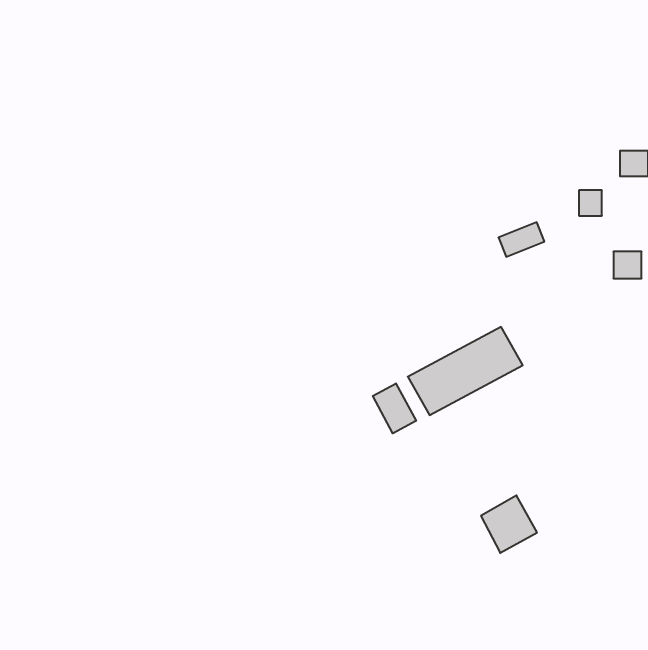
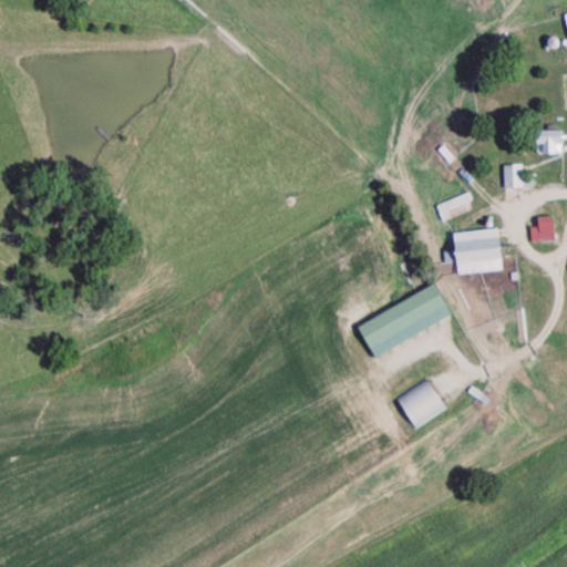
building: none -> [443,229,505,275]
building: [373,383,416,433] -> none
building: [481,495,537,553] -> [398,375,446,425]

